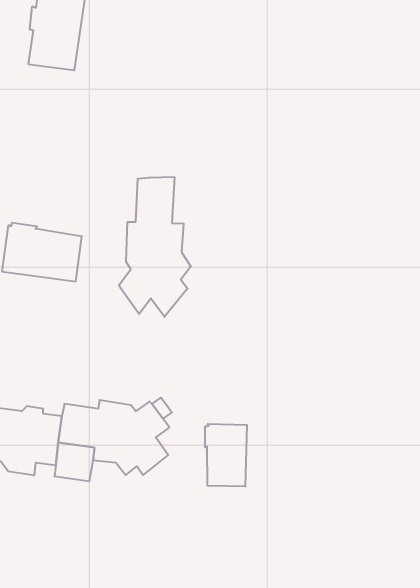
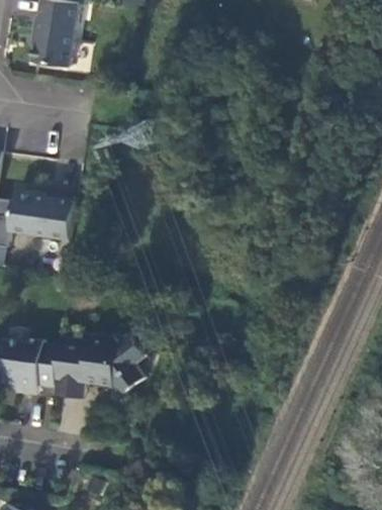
building: [119,177,191,317] -> none
building: [205,424,247,487] -> none

